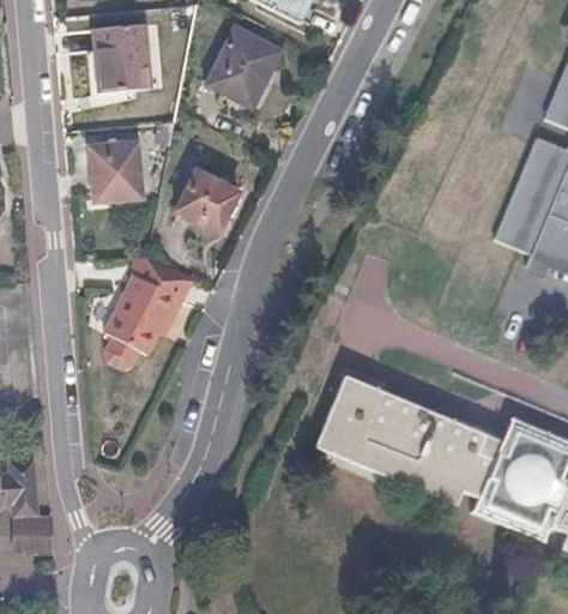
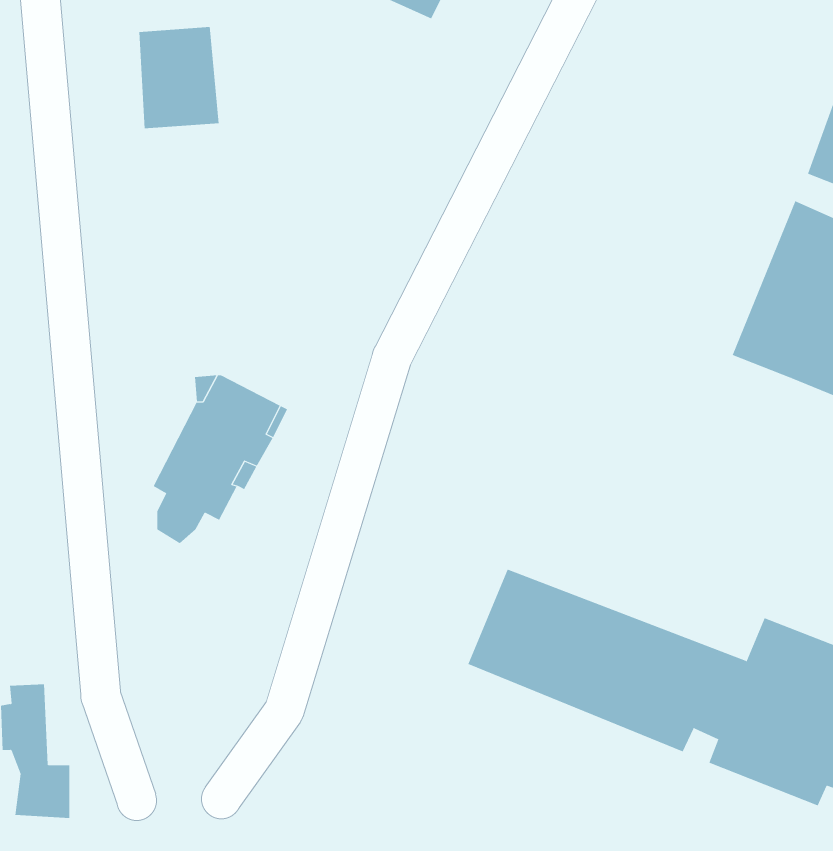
building: [206,26,282,101] -> none
building: [90,142,143,200] -> none
building: [177,169,238,230] -> none

